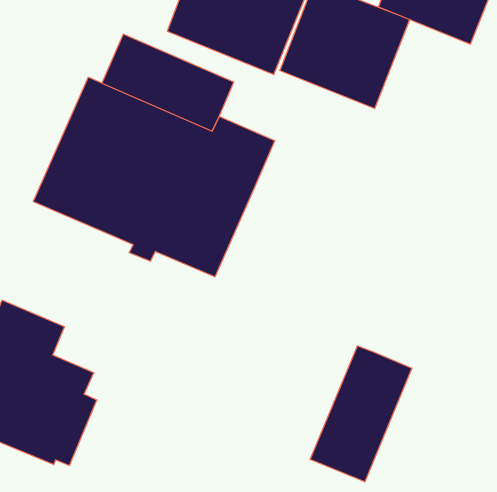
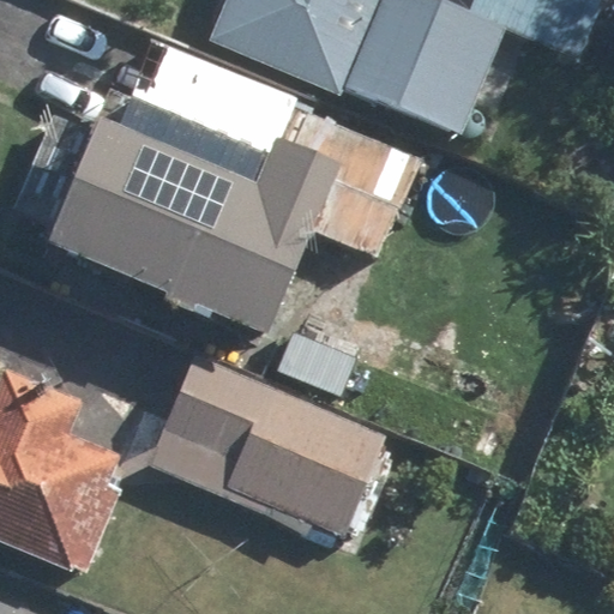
building: none -> [269,101,421,258]
building: none -> [146,351,385,541]
building: [310,346,412,482] -> none

